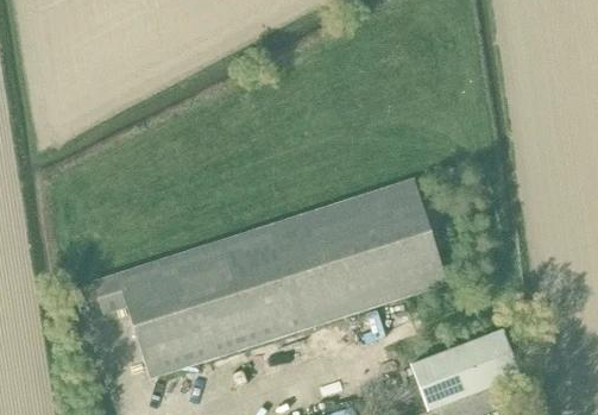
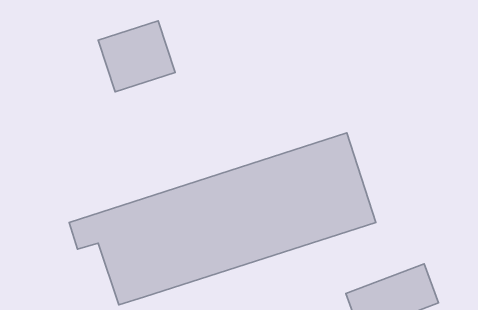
building: none -> [98,21,175,92]

